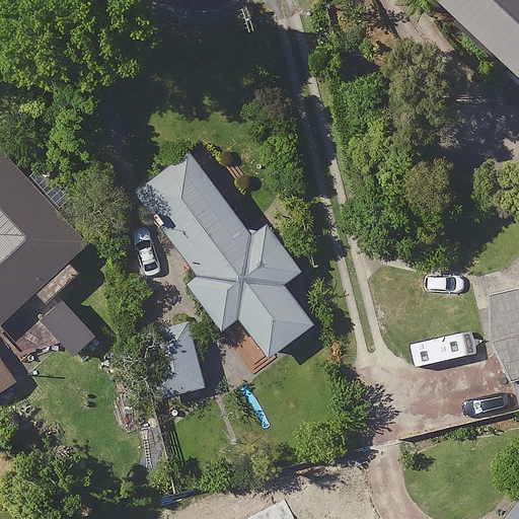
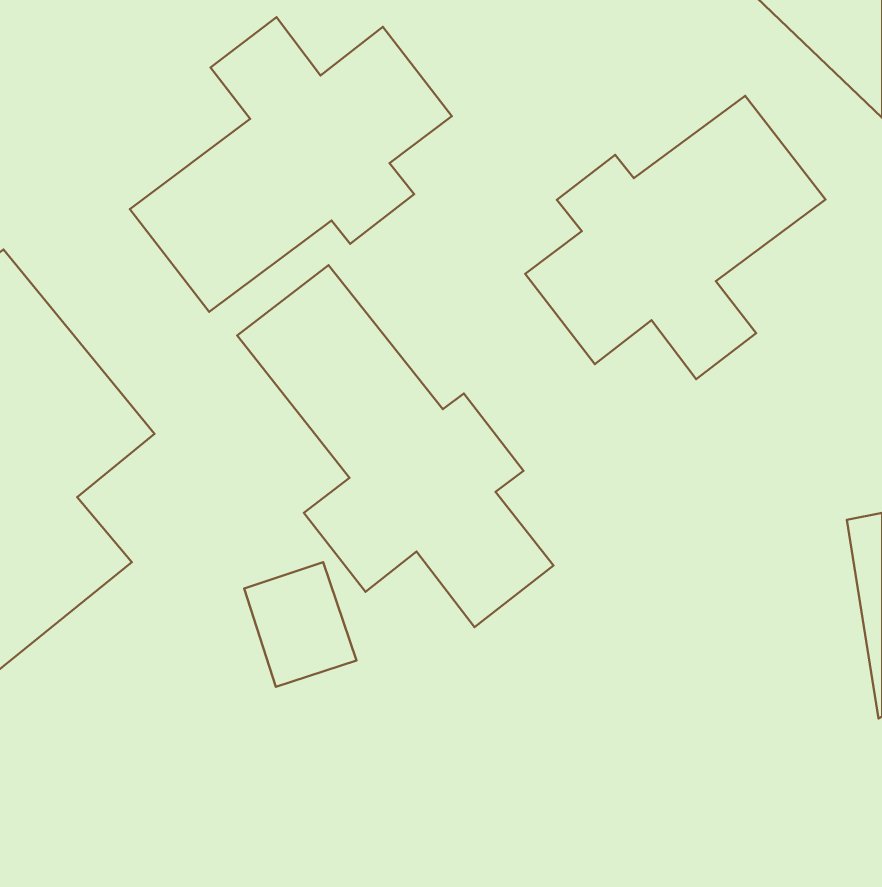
building: none -> [130,17,452,312]
building: none -> [525,96,826,379]

